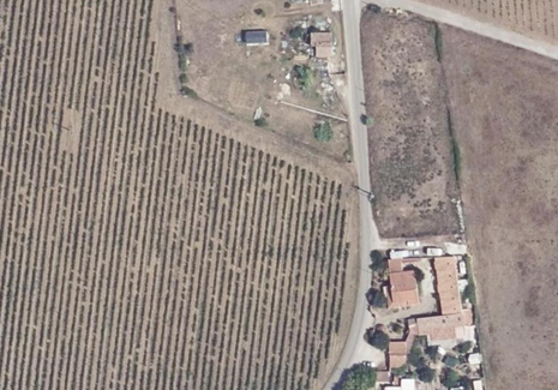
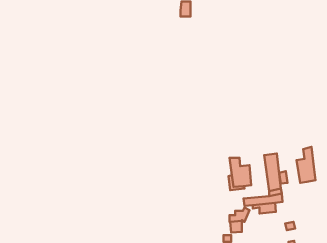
building: none -> [296,147,315,183]

